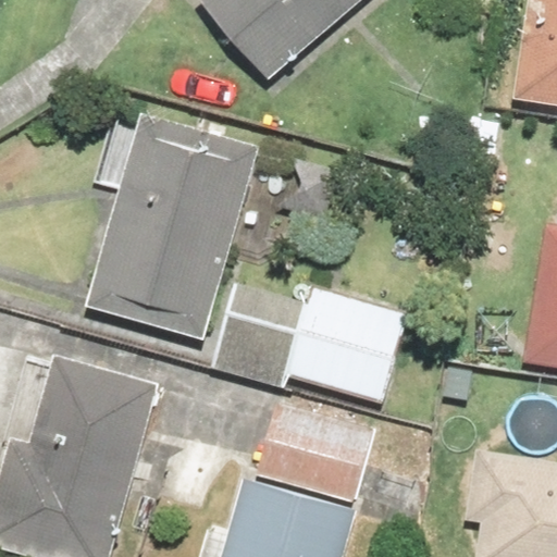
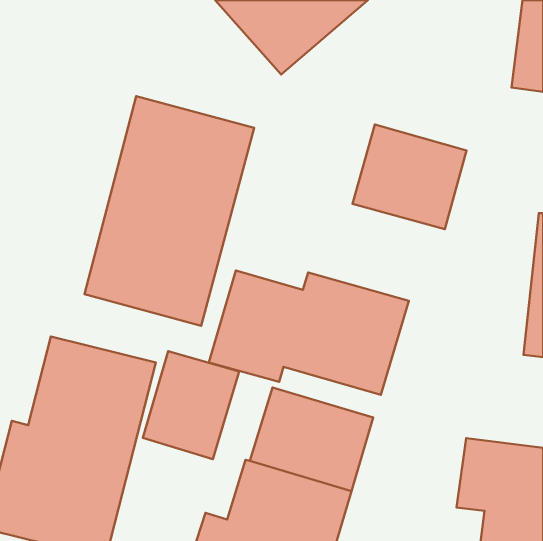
building: none -> [353,124,467,229]
building: none -> [143,351,239,459]

